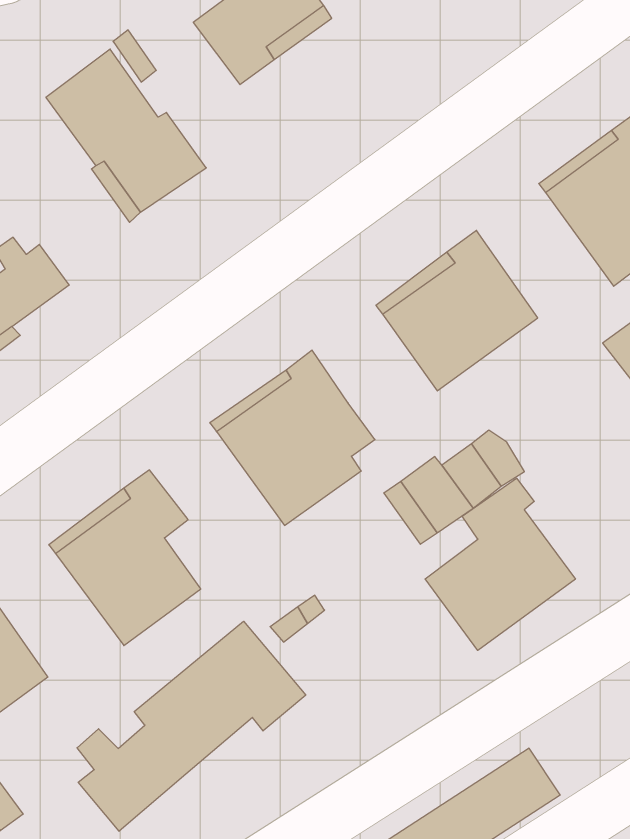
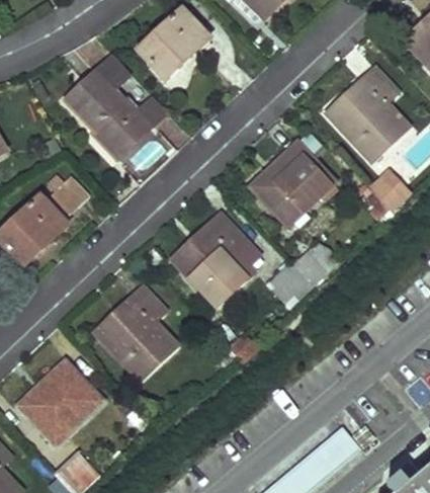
building: [425,478,575,650] -> none
building: [77,621,306,831] -> none

